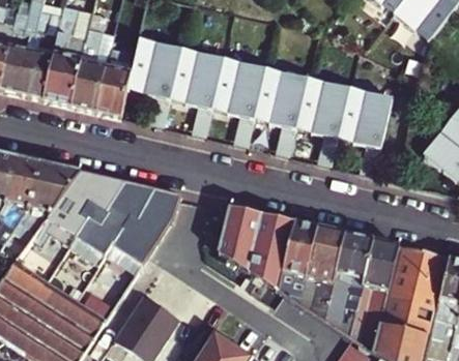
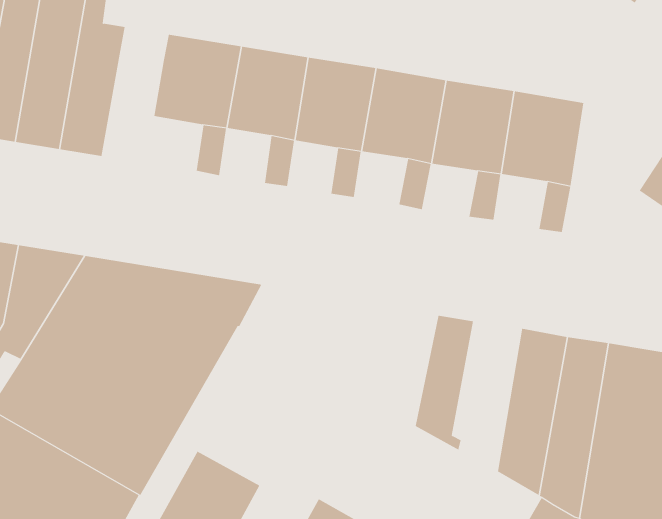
building: [95,49,137,117] -> none
building: [218,206,295,289] -> none
building: [299,227,346,320] -> none

